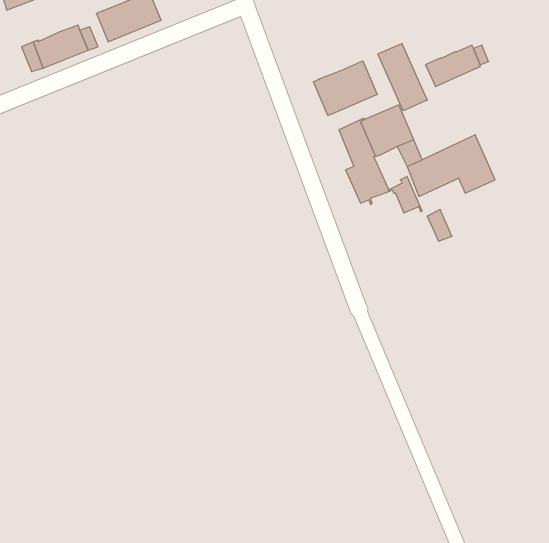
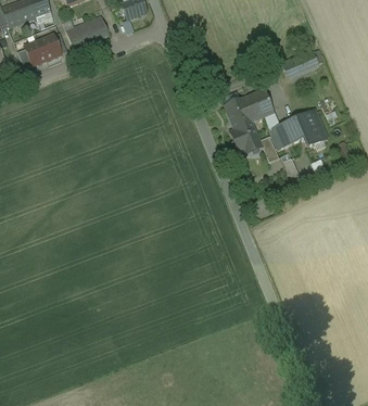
building: [378,43,427,111] -> none
building: [313,61,377,116] -> none

